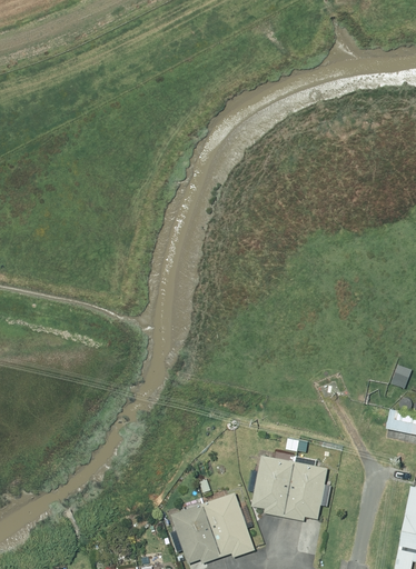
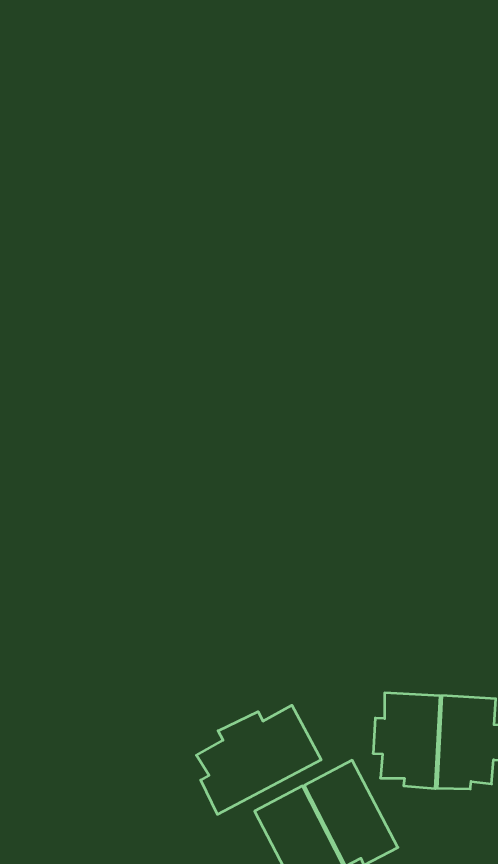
building: none -> [196,705,321,814]

